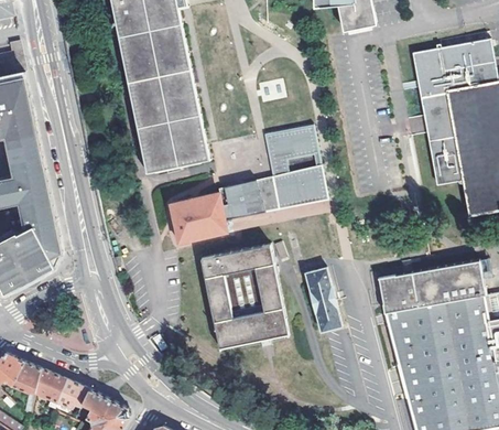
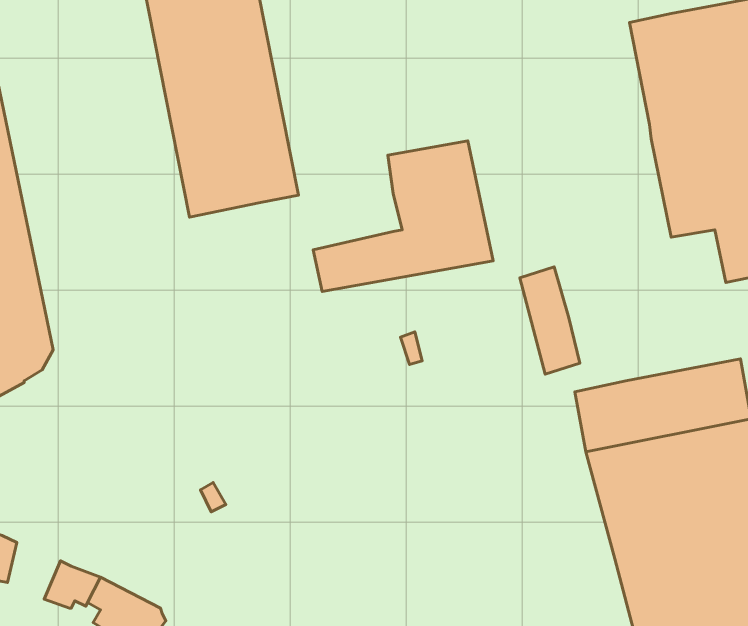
building: [170,192,227,243] -> none
building: [200,244,290,351] -> none
building: [305,267,341,332] -> [520,267,580,374]
building: [34,369,66,410] -> none

